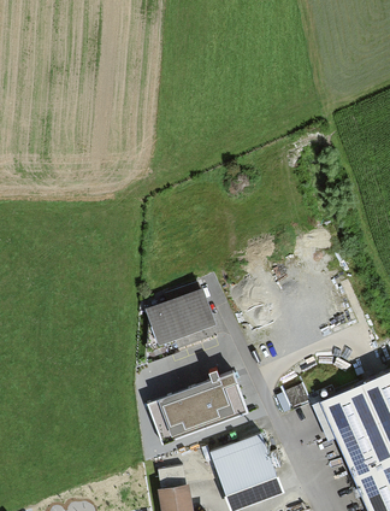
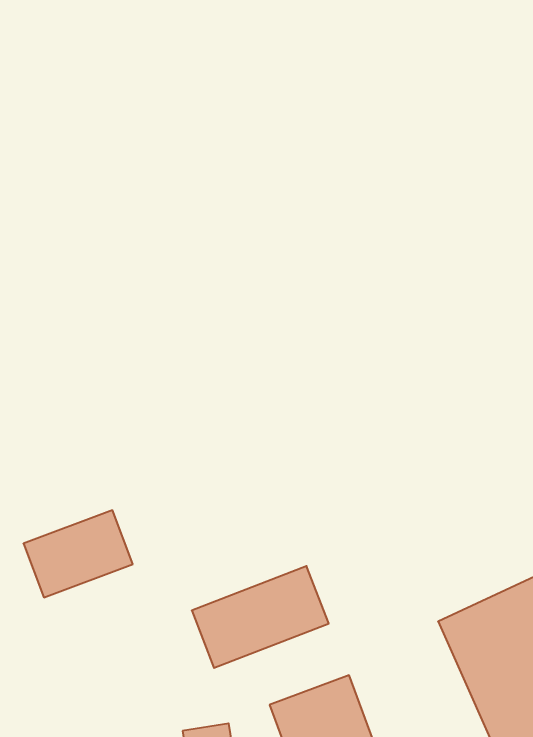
building: [147,289,218,346] -> [23,510,133,597]

